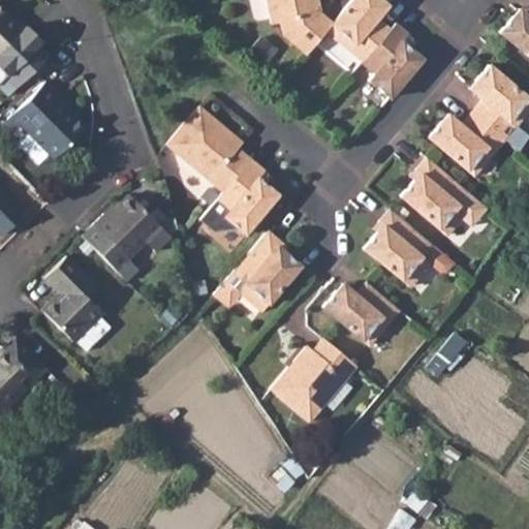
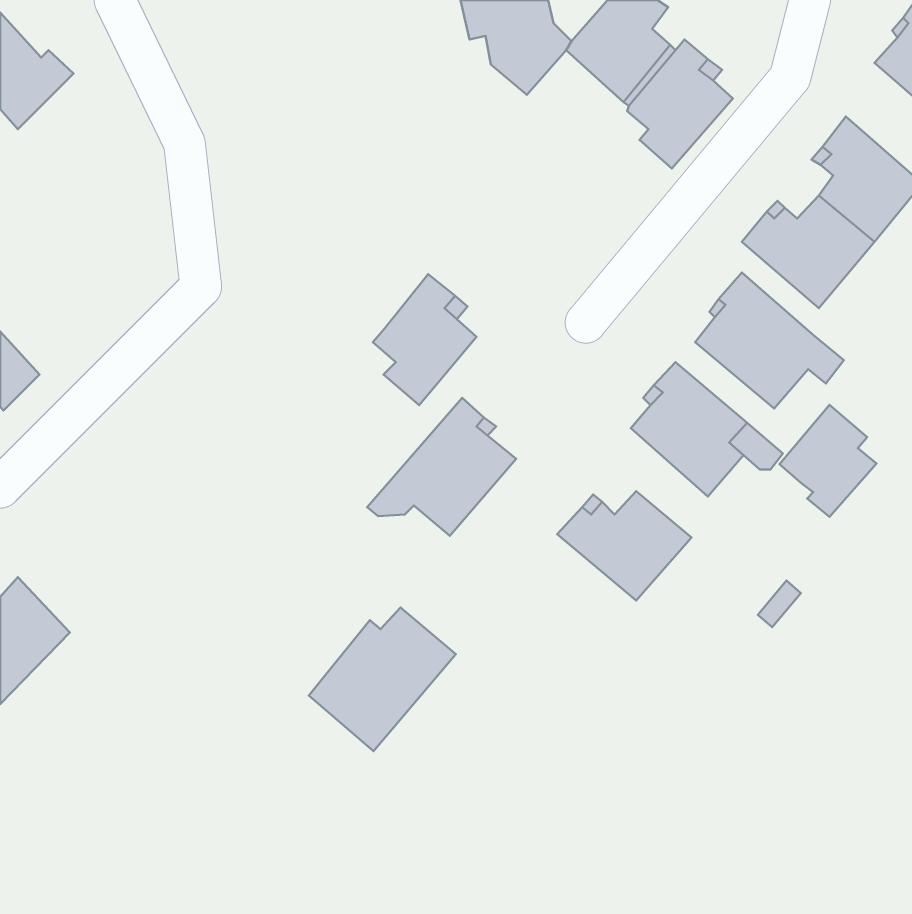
building: [14,85,88,160] -> none
building: [168,106,249,191] -> none
building: [84,195,162,282] -> none
building: none -> [780,405,876,517]
building: [38,256,108,350] -> none
building: [271,339,355,422] -> [309,608,456,751]

